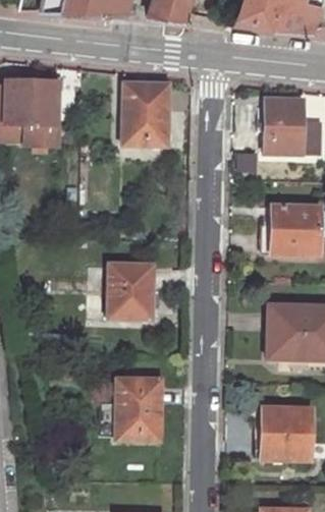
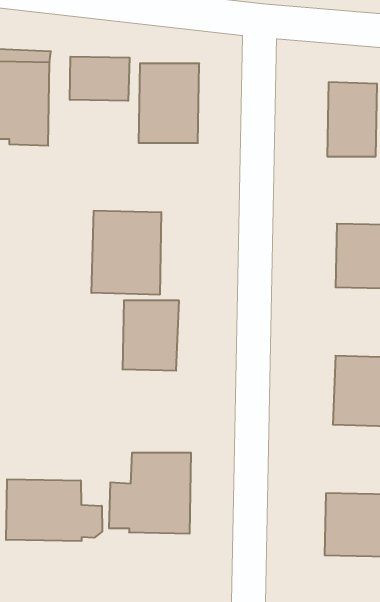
building: none -> [70,57,130,101]
building: none -> [91,211,161,295]
building: none -> [6,479,102,541]

